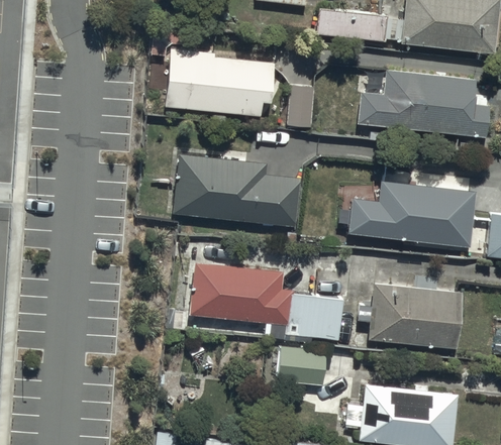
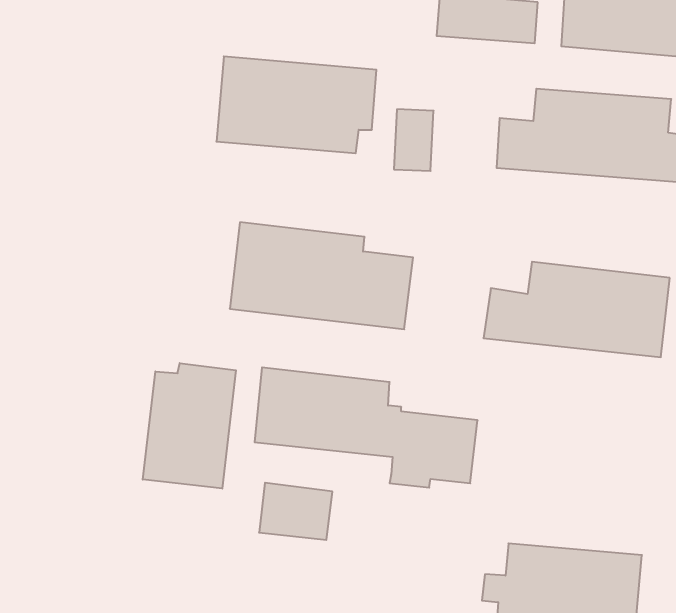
building: none -> [143,363,236,489]
building: [358,282,464,348] -> none
building: [277,346,327,385] -> [259,483,332,540]

